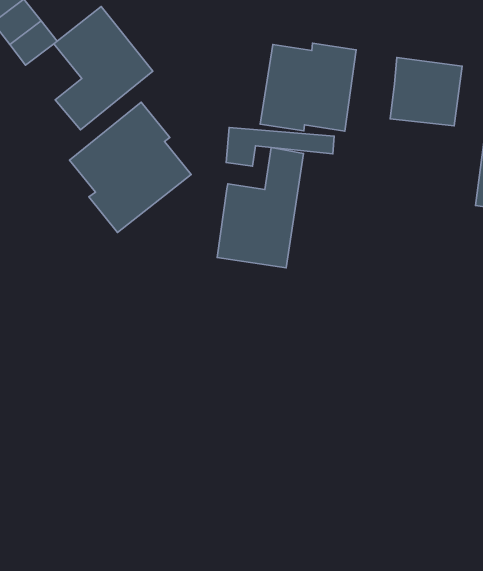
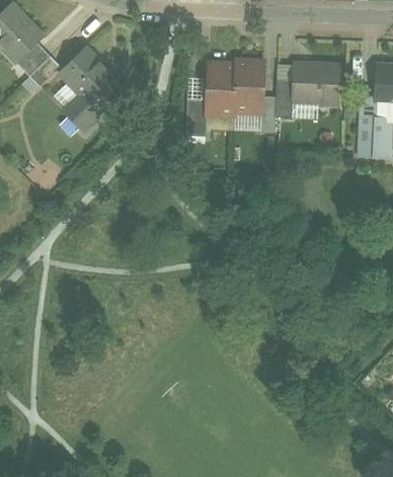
building: none -> [274,79,294,117]
building: [70,102,191,232] -> none
building: [217,148,304,268] -> none

